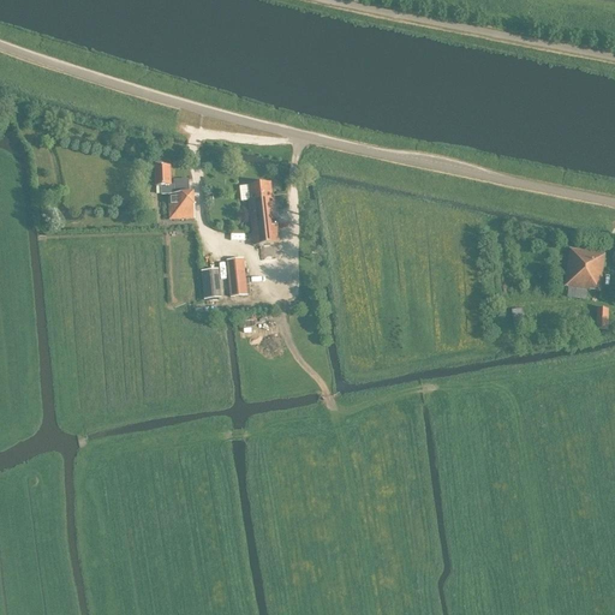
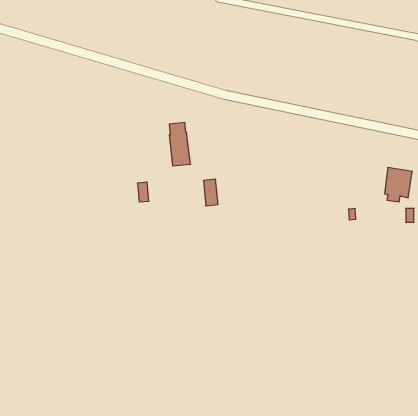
building: [154,163,195,216] -> none
building: [226,256,247,295] -> [203,179,218,206]

